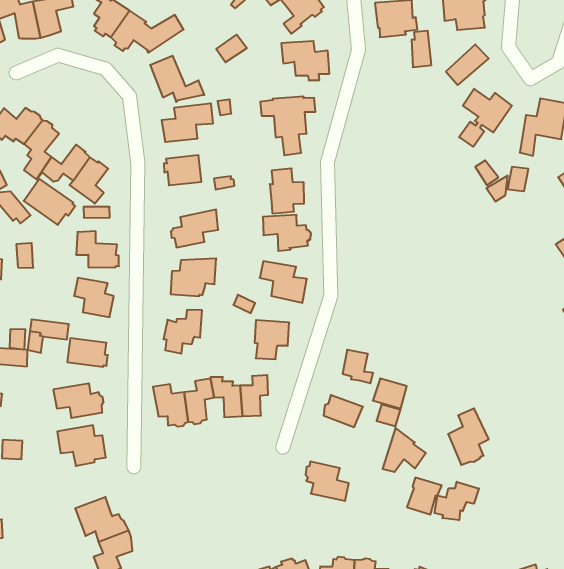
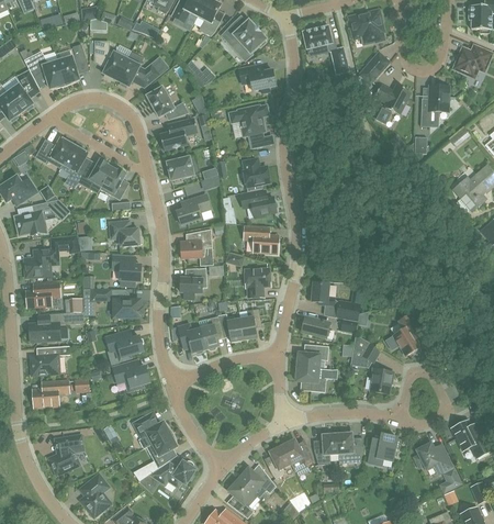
building: [24,179,75,225] -> none
building: none -> [295,344,328,368]
building: [434,482,479,520] -> none

